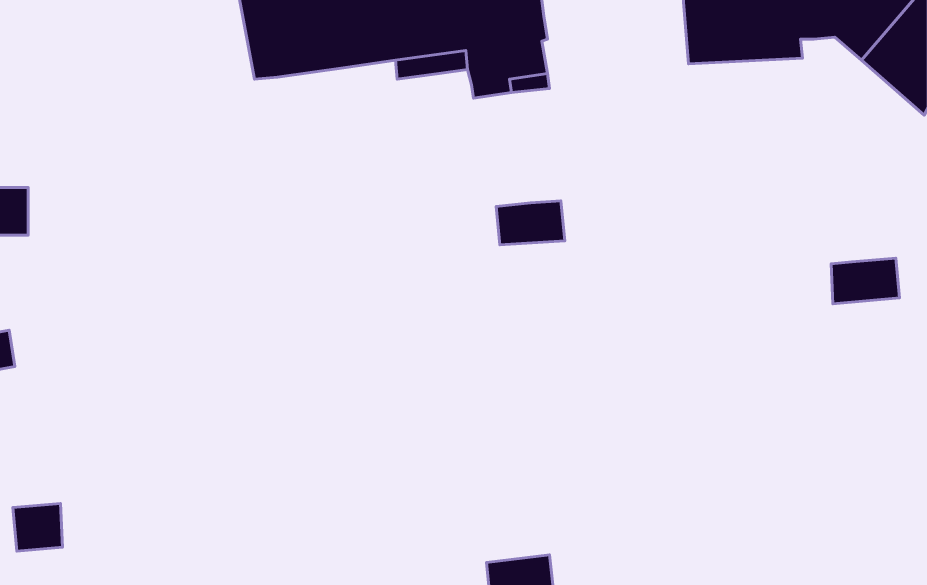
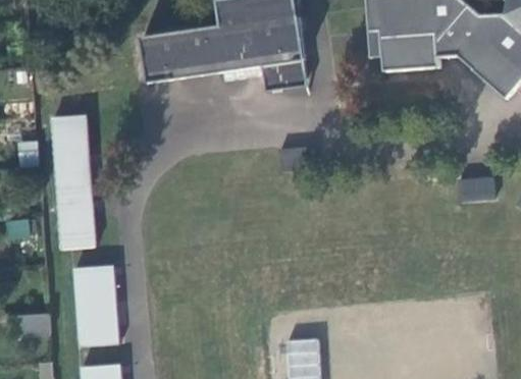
building: none -> [53,116,97,251]
building: none -> [64,263,111,345]

